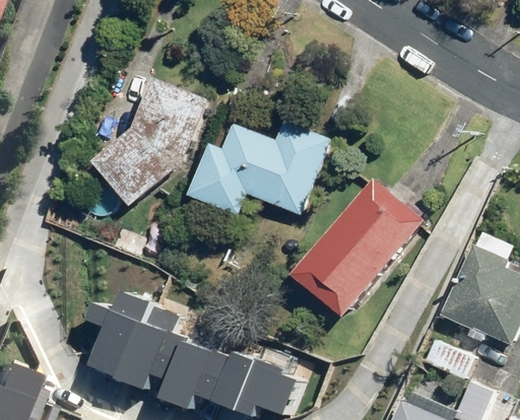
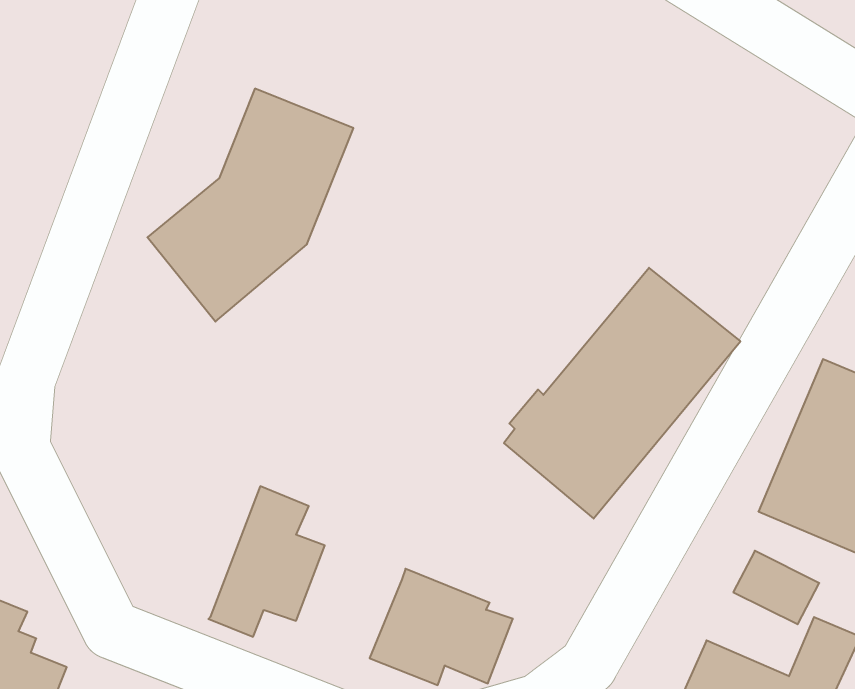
building: [188,116,329,218] -> none
building: [93,291,157,377] -> none
building: [169,325,236,409] -> none

